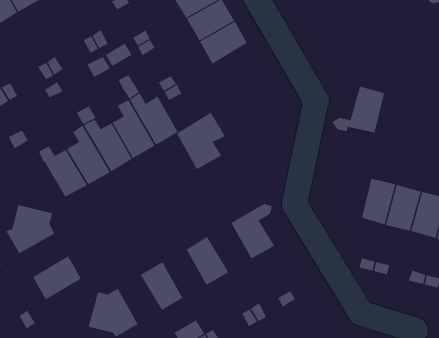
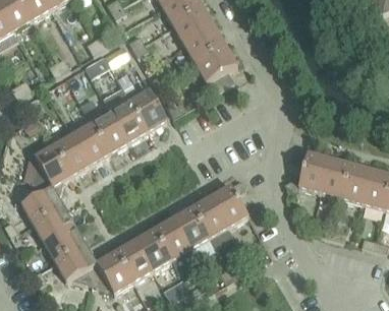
building: [332,86,385,133] -> [284,152,329,192]
building: [176,112,226,170] -> [196,45,237,94]
building: none -> [32,145,71,188]
building: none -> [191,196,228,238]
building: none -> [33,205,74,242]
building: none -> [154,219,190,259]
building: none -> [116,240,153,282]
building: none -> [55,243,99,284]

